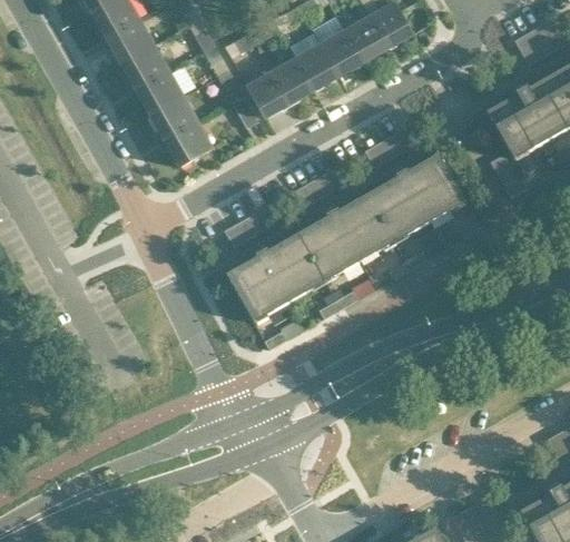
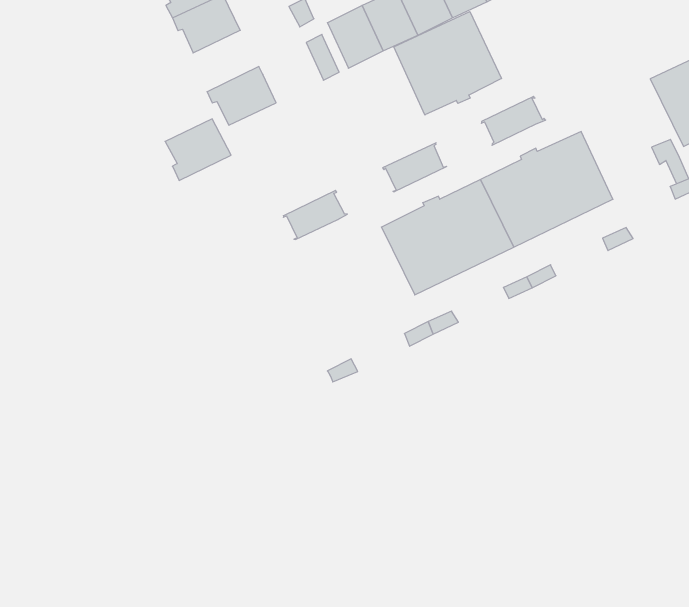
building: none -> [394,12,501,115]
building: [149,97,198,144] -> [165,119,231,180]
building: [225,234,324,322] -> none

